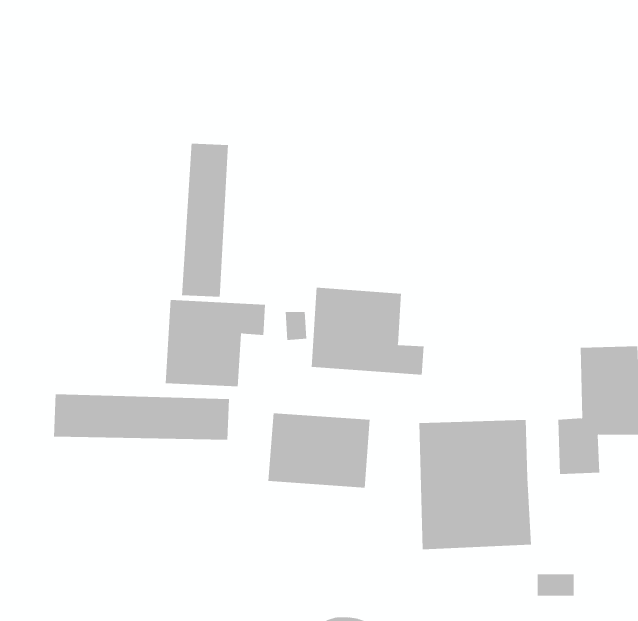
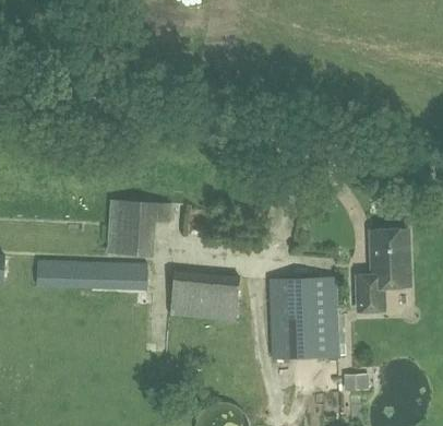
building: [182,143,228,298] -> none
building: [311,287,424,375] -> none

